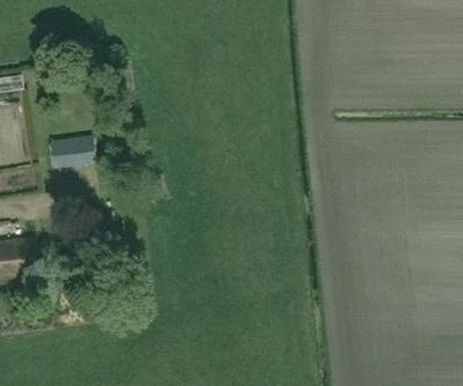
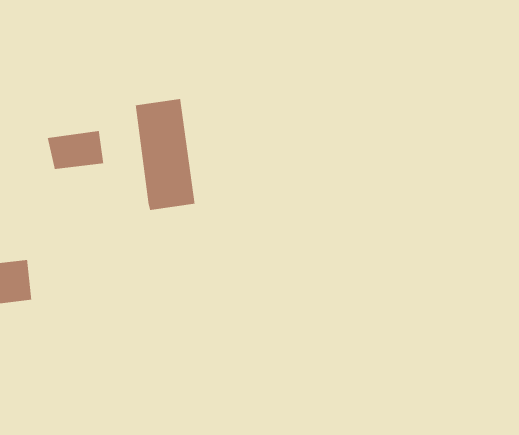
building: none -> [135,98,196,211]

